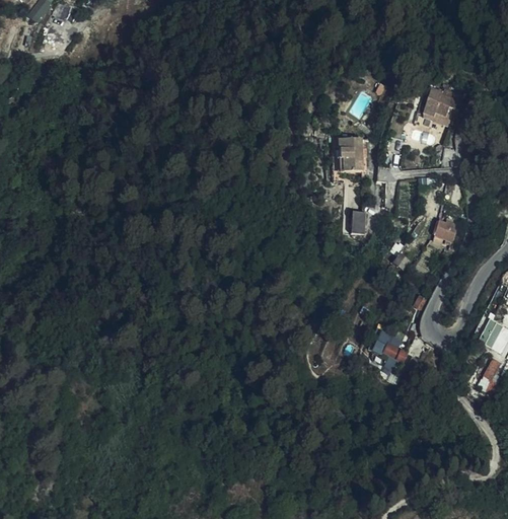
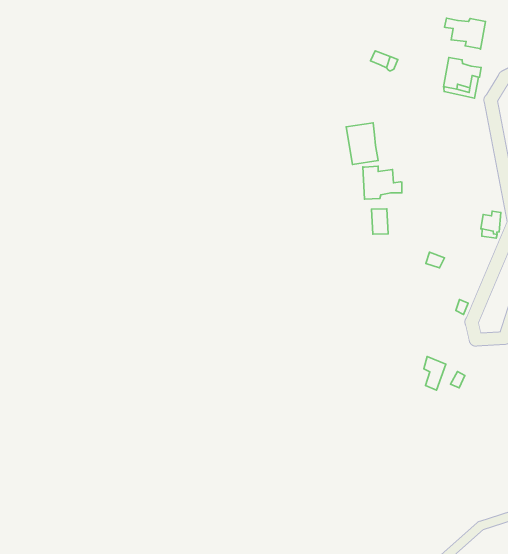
building: none -> [444,18,486,49]
building: none -> [363,166,402,199]

